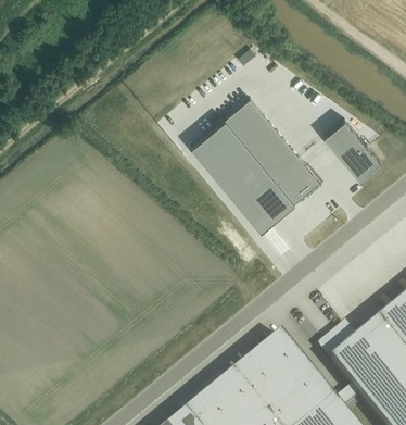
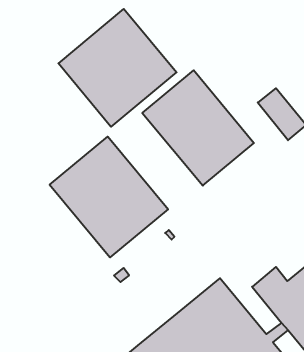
building: none -> [58,9,177,127]
building: none -> [50,137,168,257]

